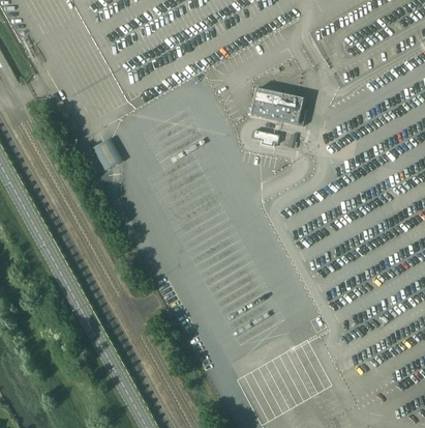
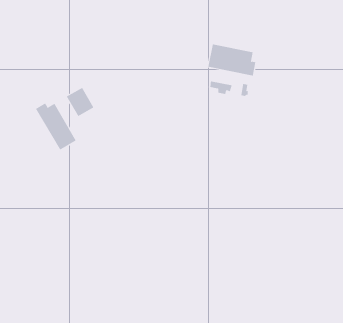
building: none -> [35,103,77,151]

